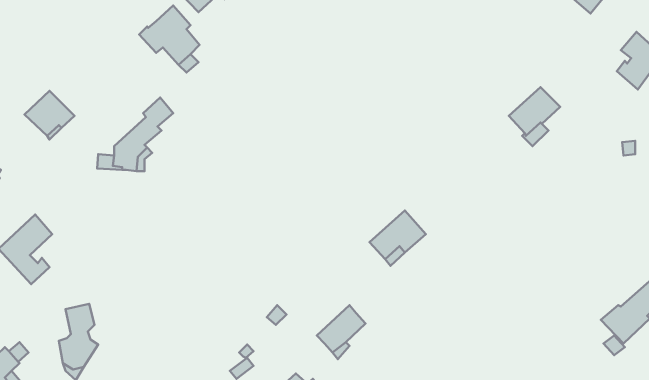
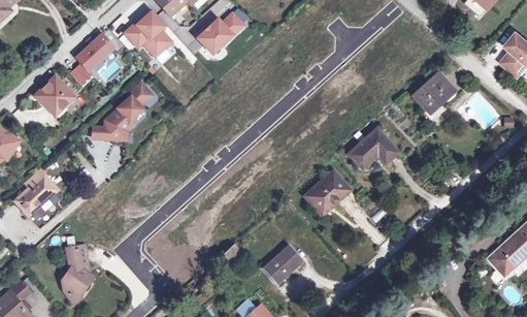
building: none -> [198,11,244,53]
building: none -> [70,28,126,86]
building: none -> [349,129,397,168]

